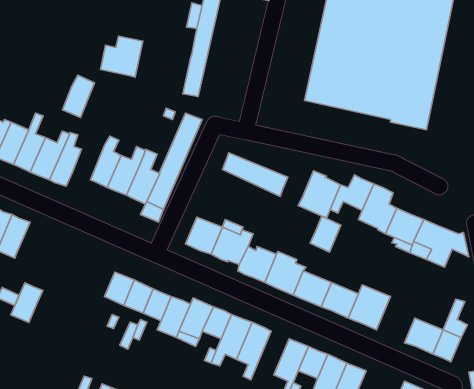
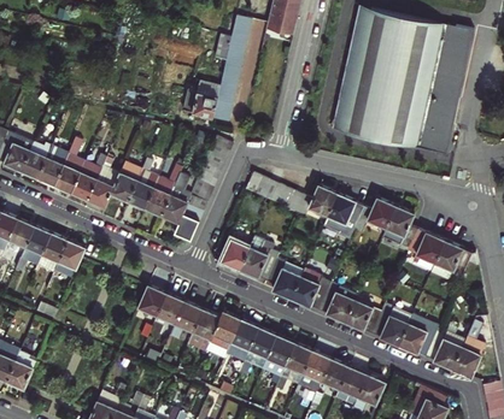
building: [101,36,143,77] -> [182,83,222,122]
building: [62,75,95,118] -> [111,163,141,202]
building: [310,216,341,252] -> [309,185,338,219]
building: [11,283,43,323] -> [58,242,88,279]
building: none -> [397,311,436,355]
building: none -> [279,344,315,393]

